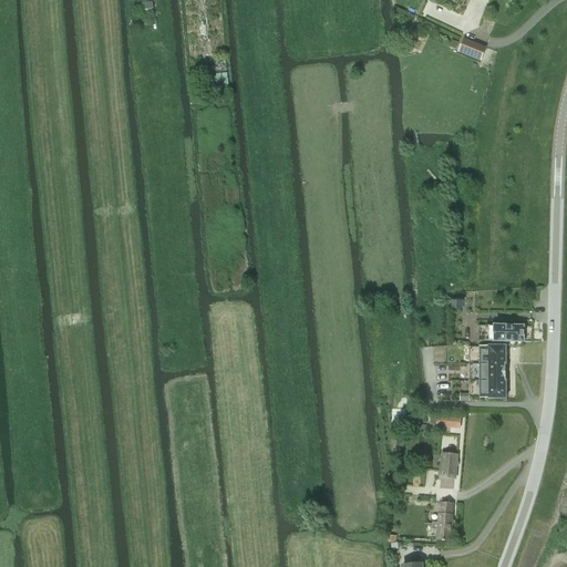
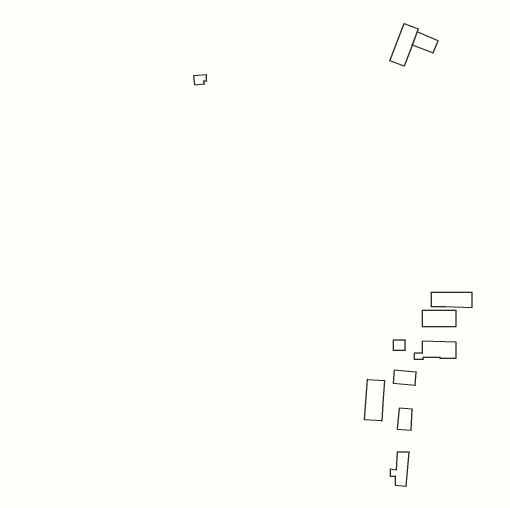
building: none -> [390,24,418,66]
building: [468,362,506,380] -> none
building: none -> [365,379,385,421]

